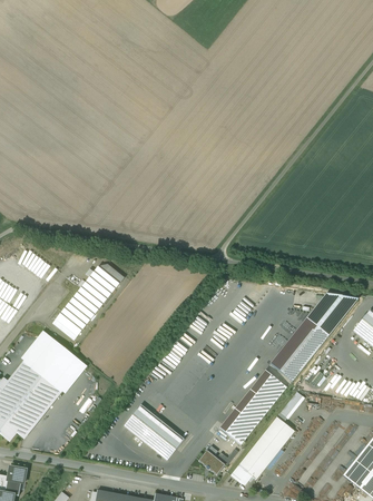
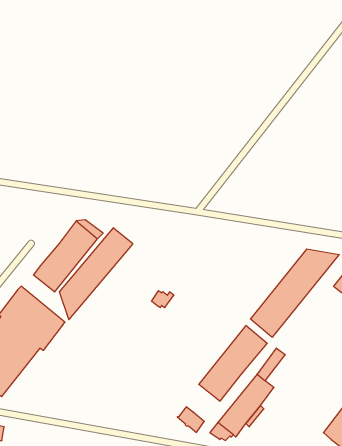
building: none -> [59,228,133,320]
building: [124,404,185,460] -> none

